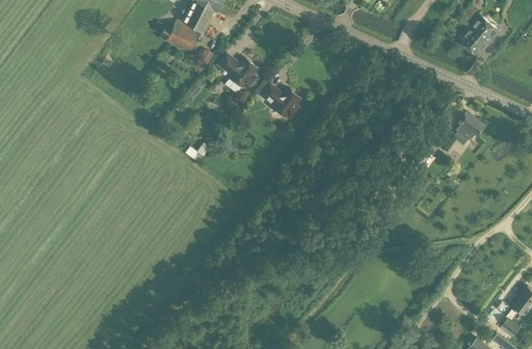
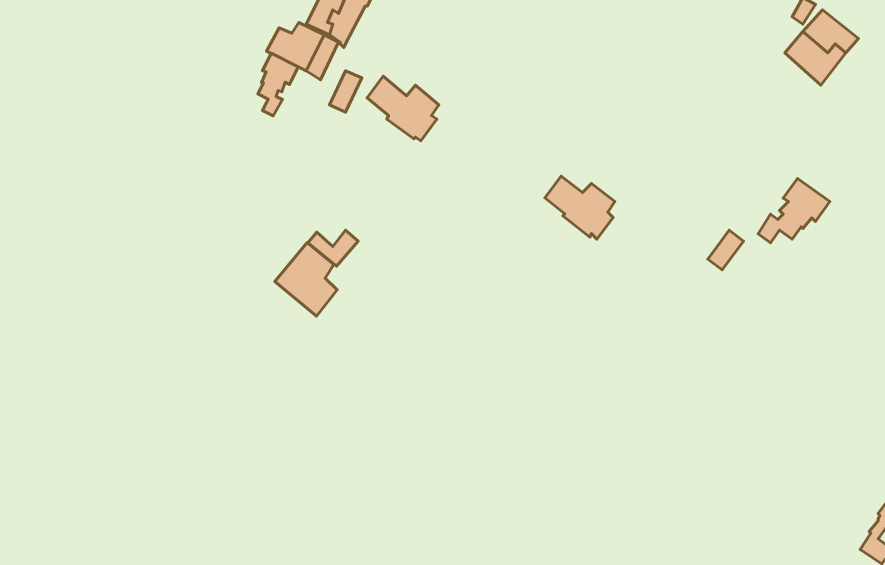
building: none -> [258,53,298,116]
building: [260,82,300,118] -> [545,176,615,239]
building: none -> [275,242,337,316]

